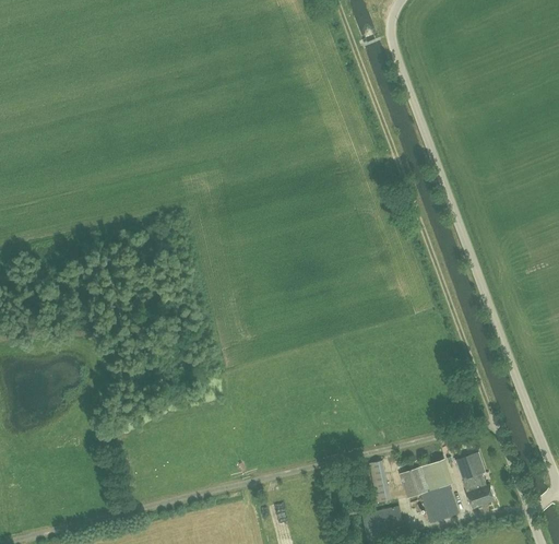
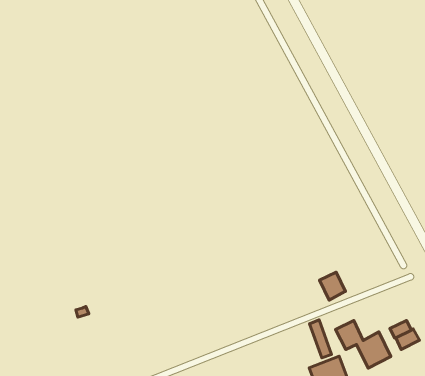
building: [454,451,486,481] -> none
building: [421,459,450,490] -> [320,272,346,300]

